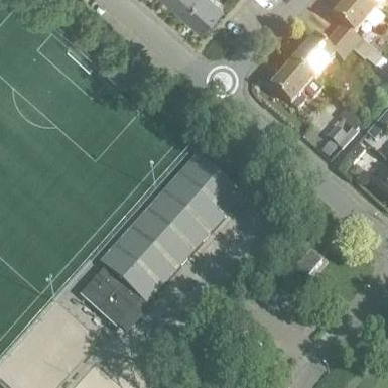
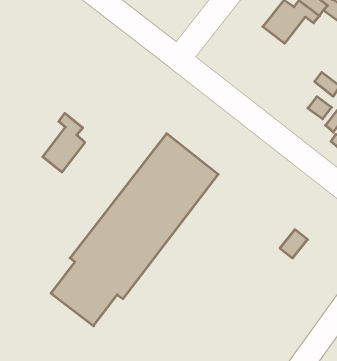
building: [266,64,316,112] -> none
building: none -> [43,113,85,172]

